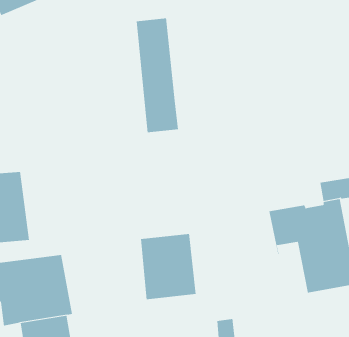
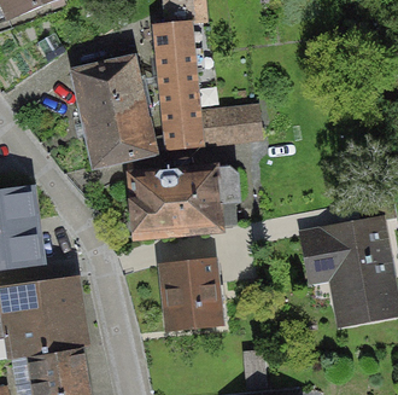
building: none -> [74,58,154,167]
building: none -> [199,109,251,145]
building: none -> [131,168,239,237]

